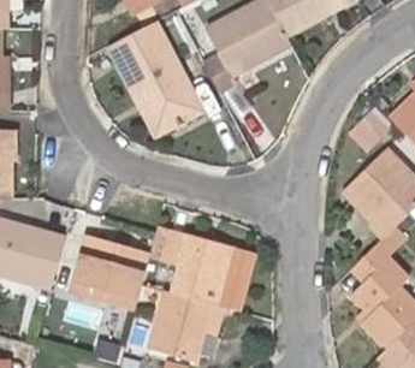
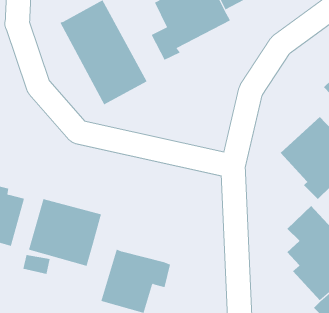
building: [149,225,259,311] -> none

